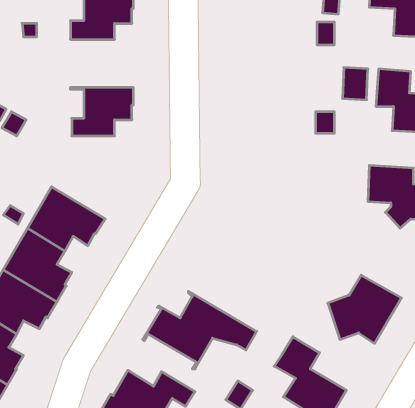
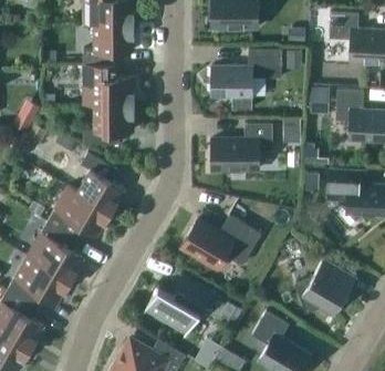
building: none -> [211,49,281,109]
building: none -> [83,64,135,104]
building: none -> [211,123,272,169]
building: none -> [67,152,124,213]
building: none -> [181,215,261,270]

